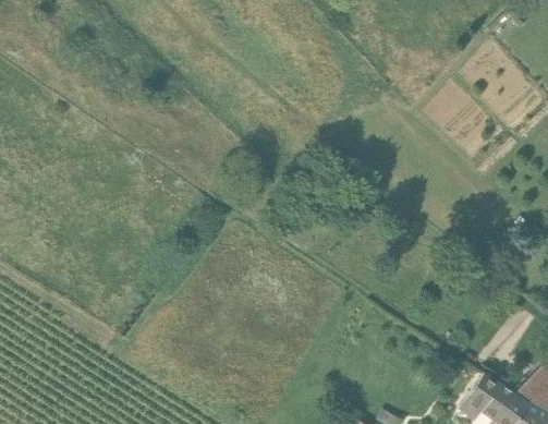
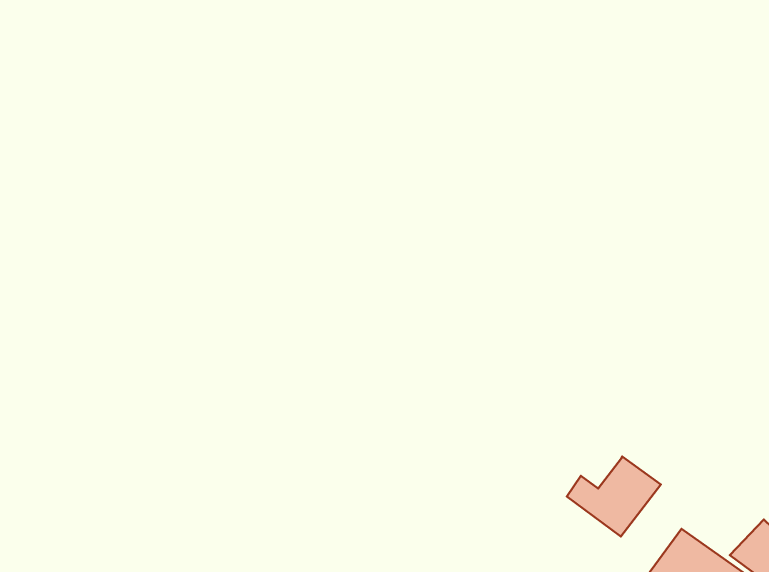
building: none -> [567,456,661,536]

